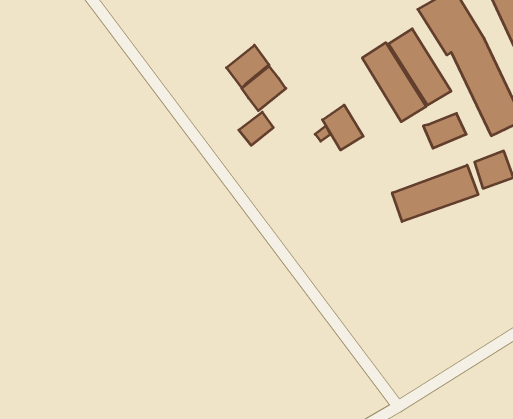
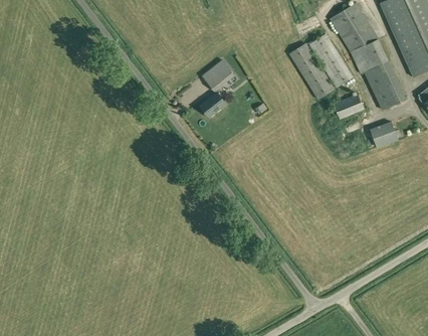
building: [226,45,269,88] -> none
building: [322,105,363,150] -> none
building: [392,165,478,222] -> none

